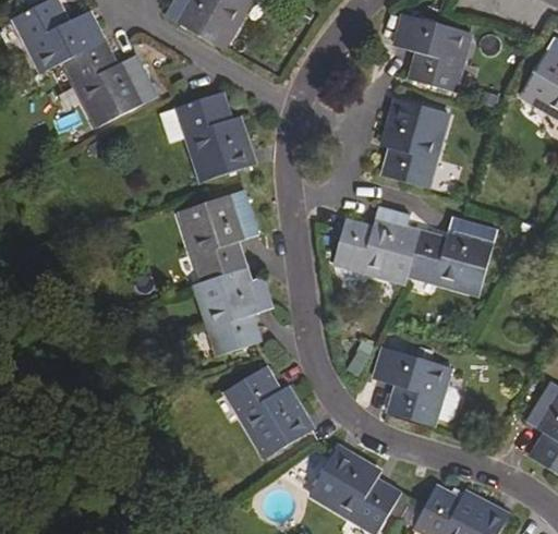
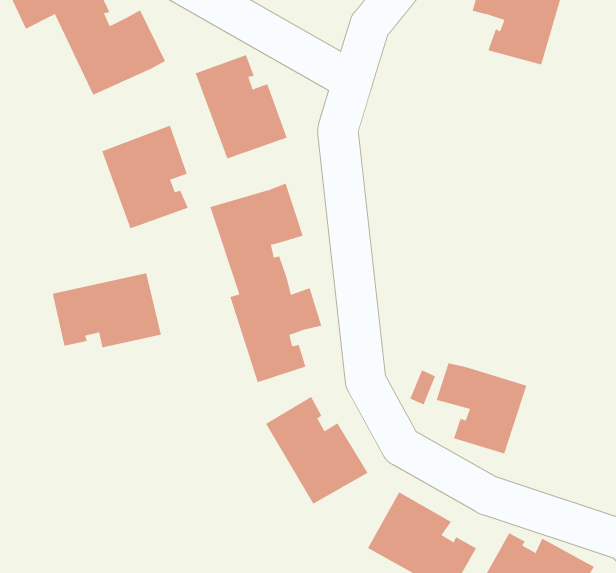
building: [386,101,451,189] -> none
building: none -> [101,125,188,229]
building: [337,205,500,295] -> none
building: none -> [52,272,162,348]

